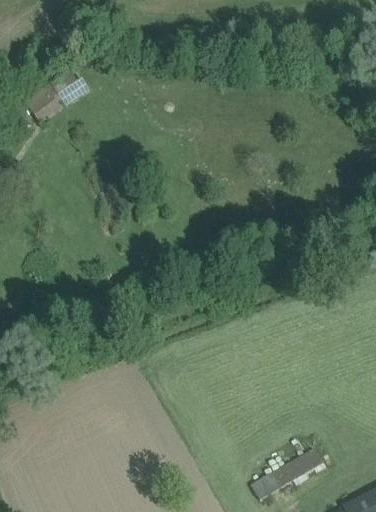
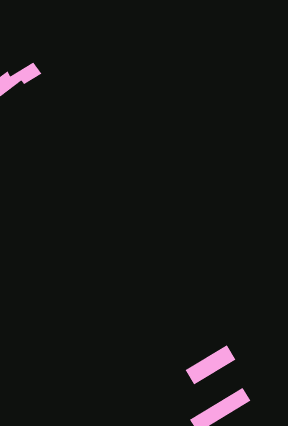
building: none -> [185,344,237,386]

